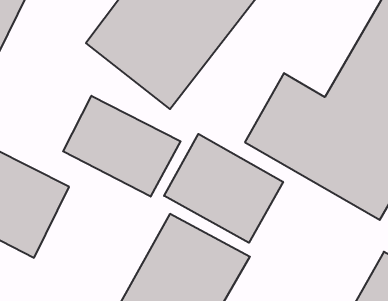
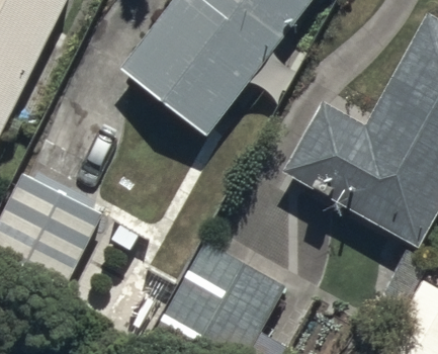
building: [63,96,181,197] -> none
building: [164,134,283,243] -> none

